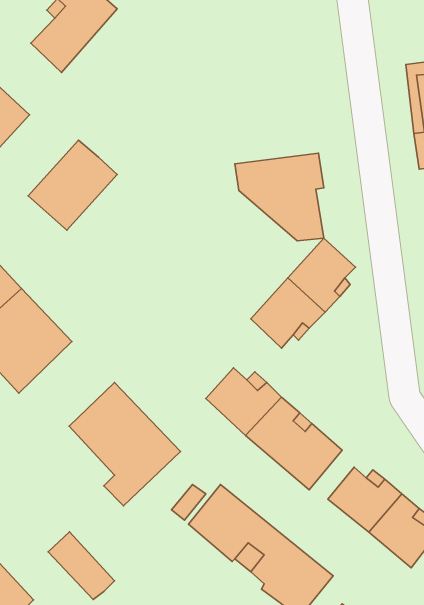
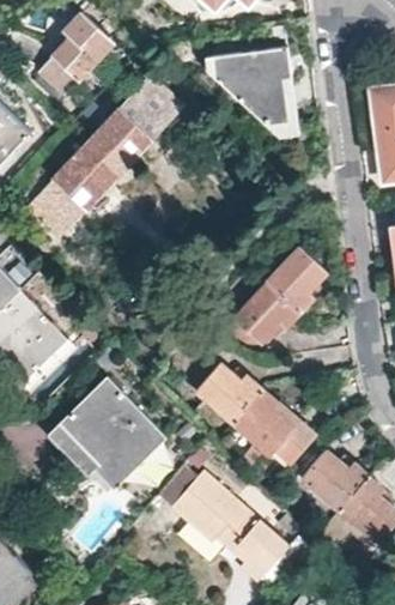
building: none -> [75,72,186,188]
building: [235,153,324,241] -> [211,44,291,123]
building: [48,532,114,599] -> [48,416,108,477]

